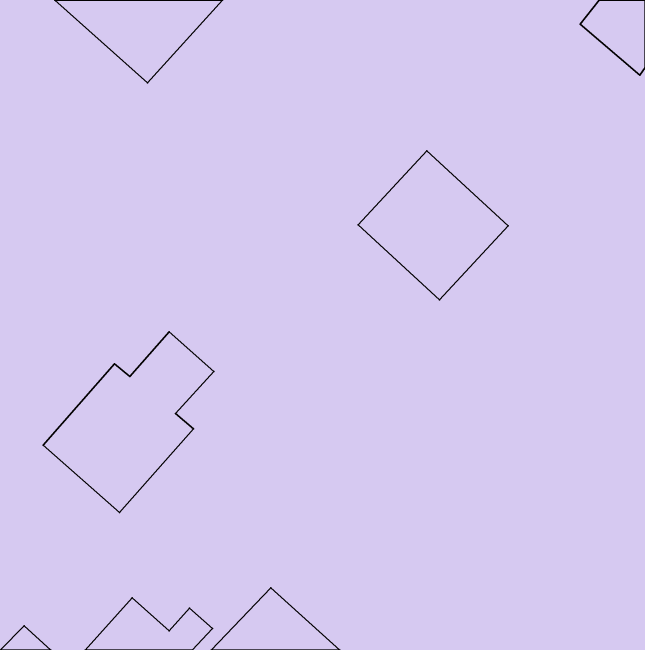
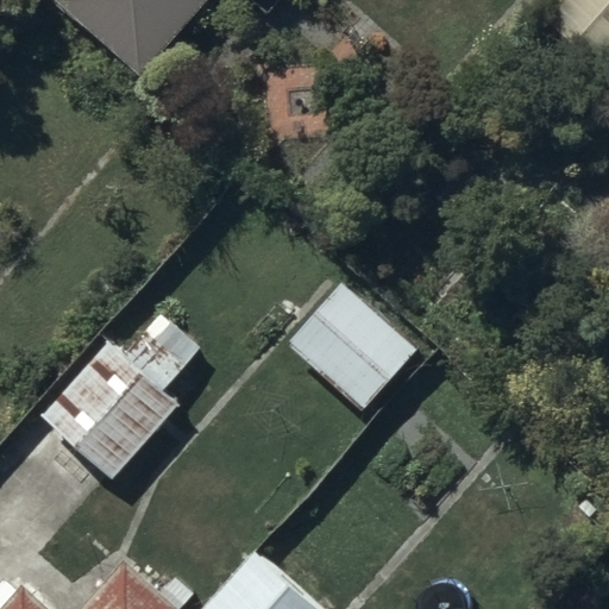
building: [358,151,508,300] -> [284,274,425,413]

